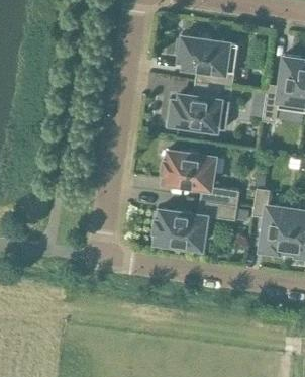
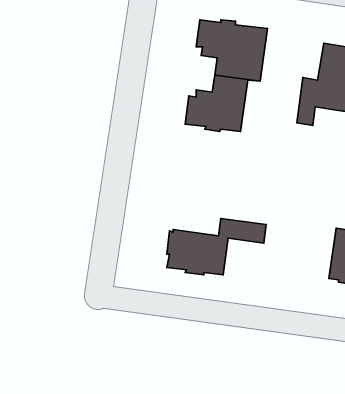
building: [163,152,239,207] -> none
building: [252,190,295,253] -> none

